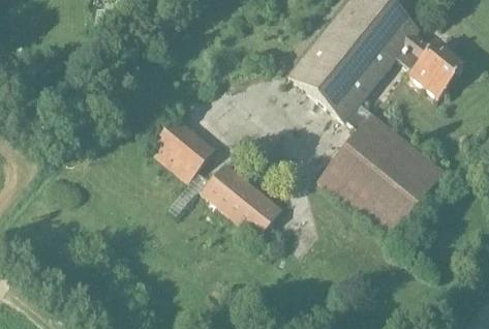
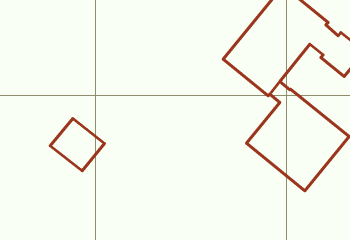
building: [149,115,216,180] -> [50,118,105,171]
building: [202,159,283,236] -> none

